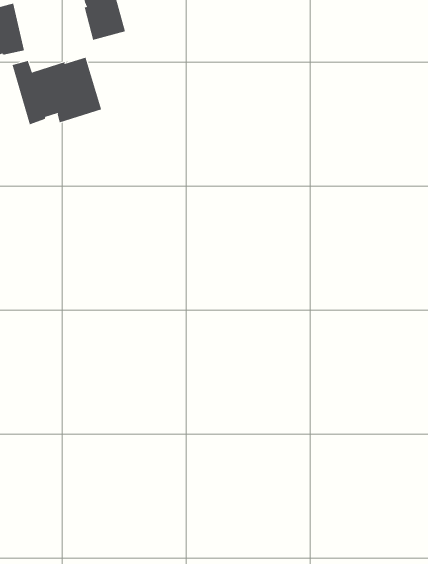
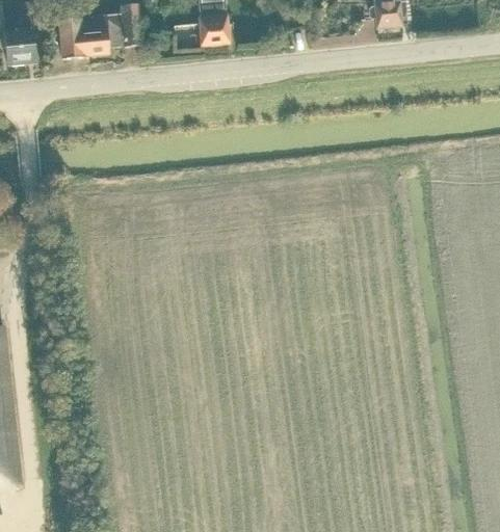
building: [12,57,102,125] -> none

